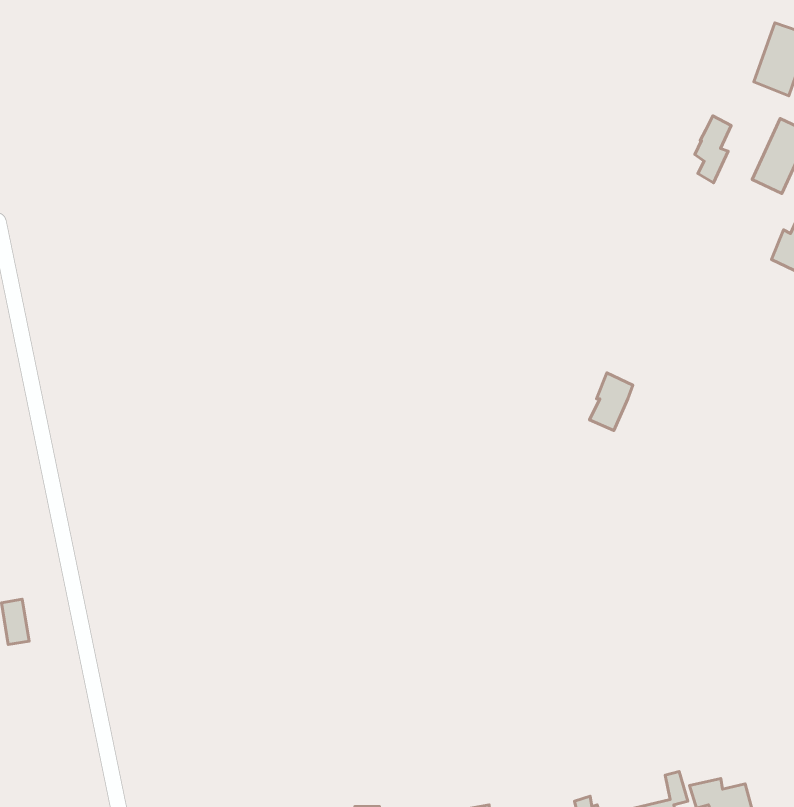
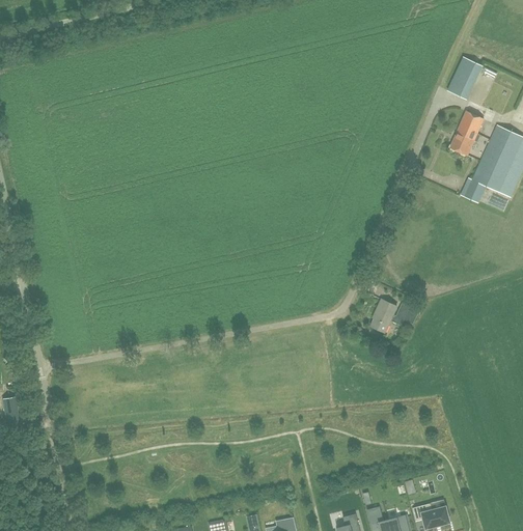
building: [695,116,731,183] -> none
building: [589,373,633,430] -> [370,299,396,333]

